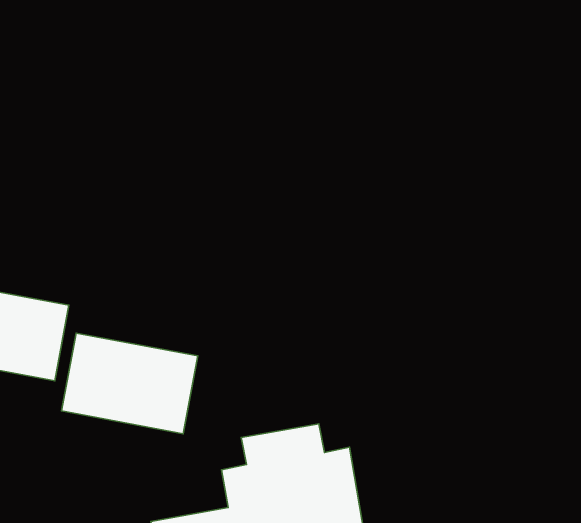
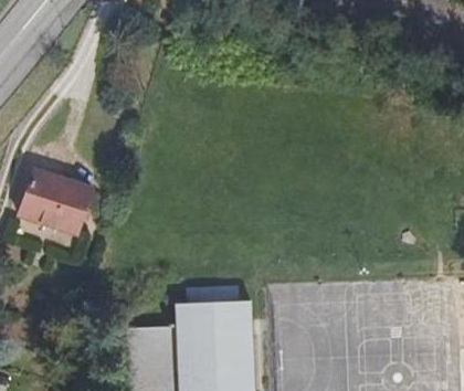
building: [61,333,198,434] -> none

